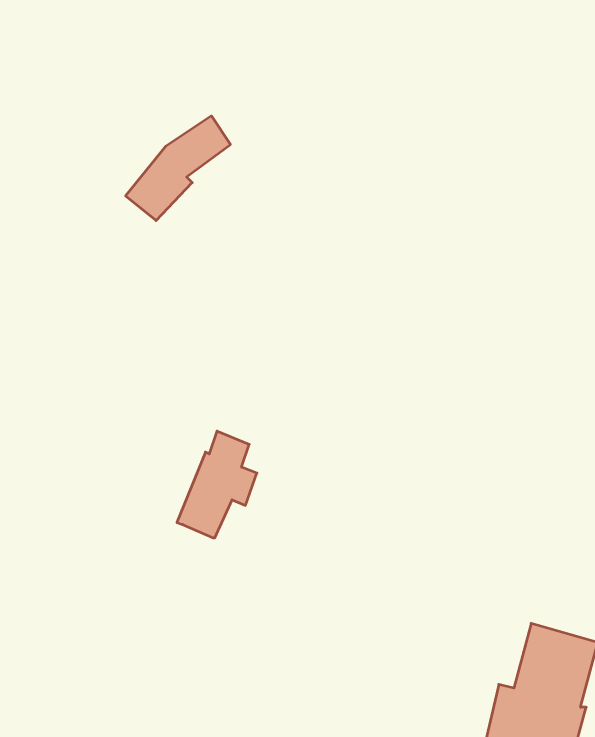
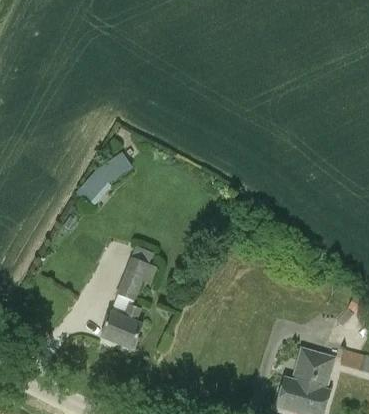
building: [126,116,230,221] -> [76,151,131,206]
building: none -> [100,303,143,350]

